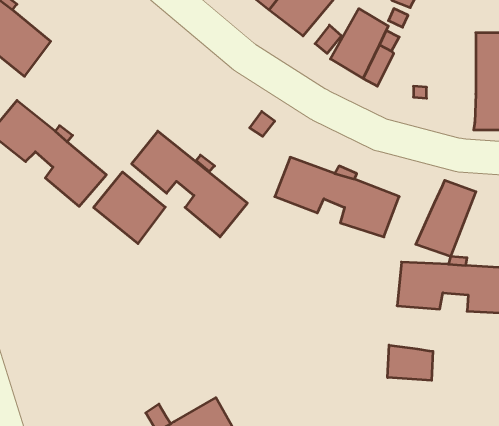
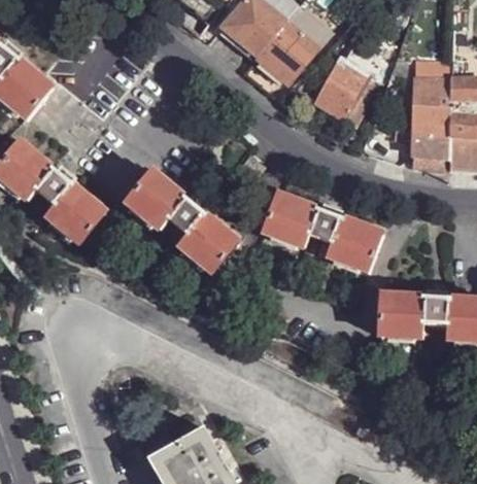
building: none -> [412,77,449,163]
building: [94,172,165,244] -> none
building: [416,180,476,257] -> none
building: [388,345,433,380] -> none

